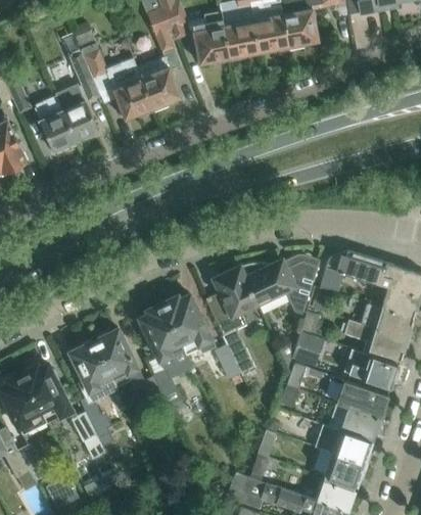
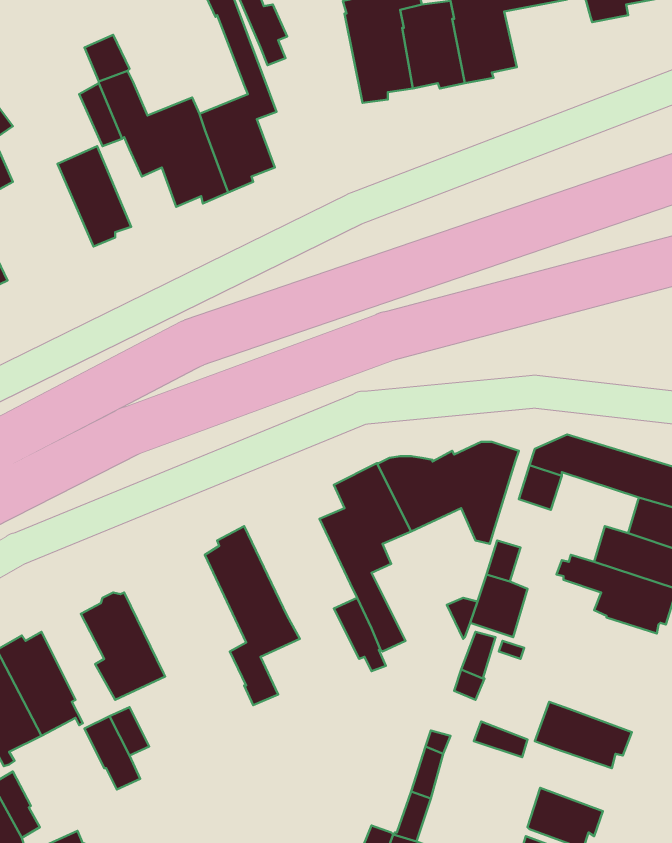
building: [193,10,230,64] -> none
building: [33,96,77,151] -> none
building: [162,294,213,354] -> none
building: [94,329,163,400] -> none
building: [343,348,400,387] -> none
building: [336,380,388,420] -> none
building: [331,429,372,465] -> none

